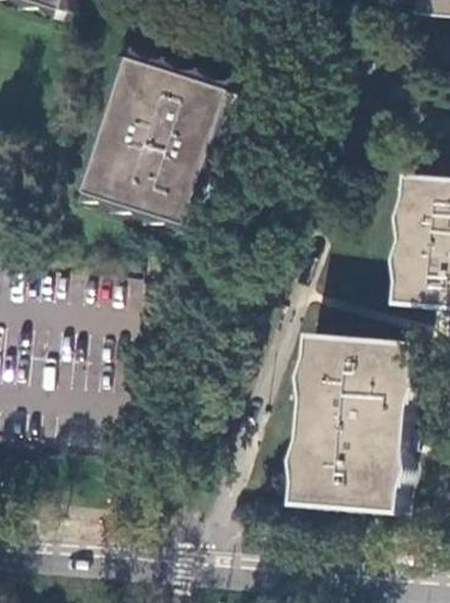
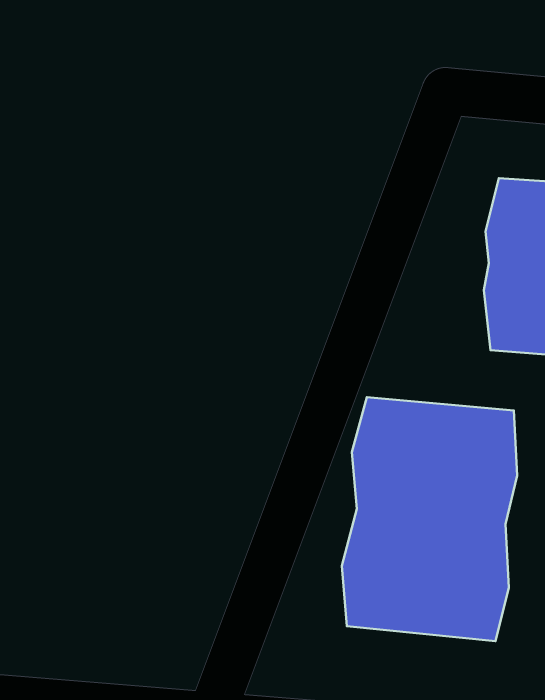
building: [79,64,225,232] -> none

